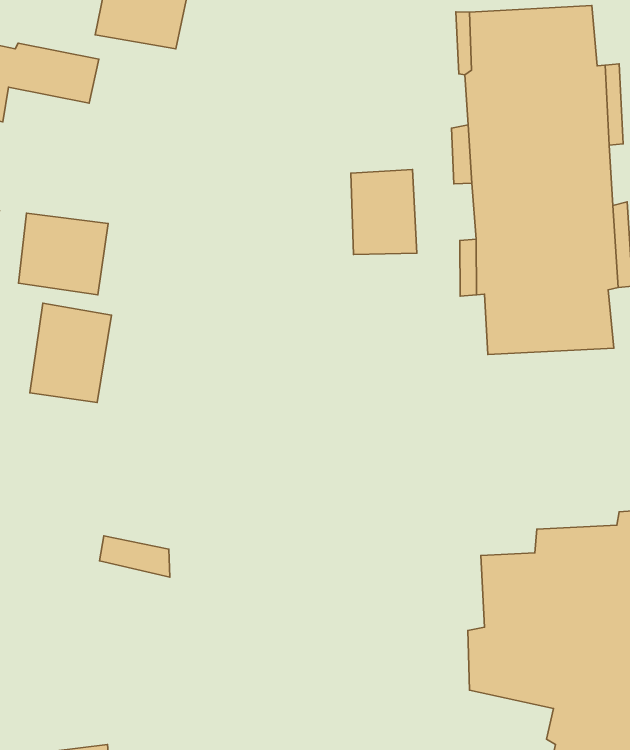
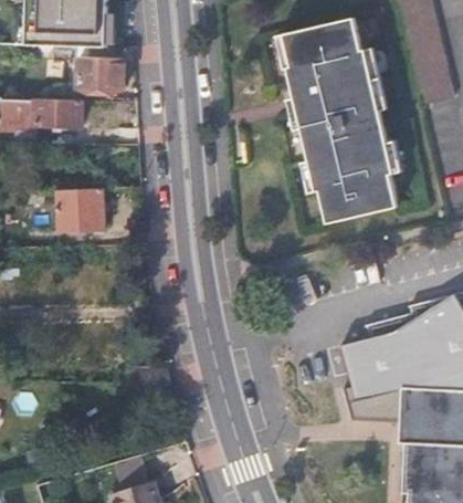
building: [351,170,417,254] -> none
building: [30,303,111,402] -> none

